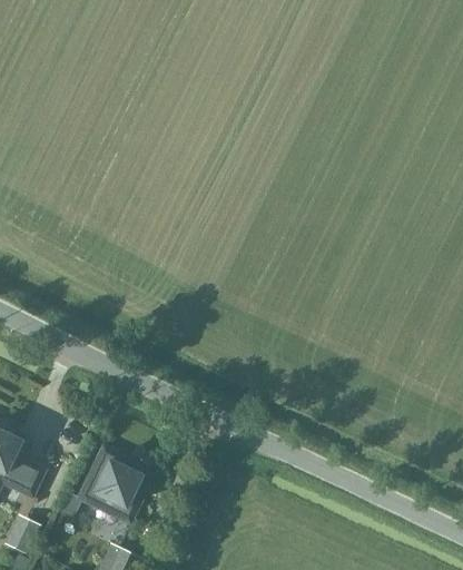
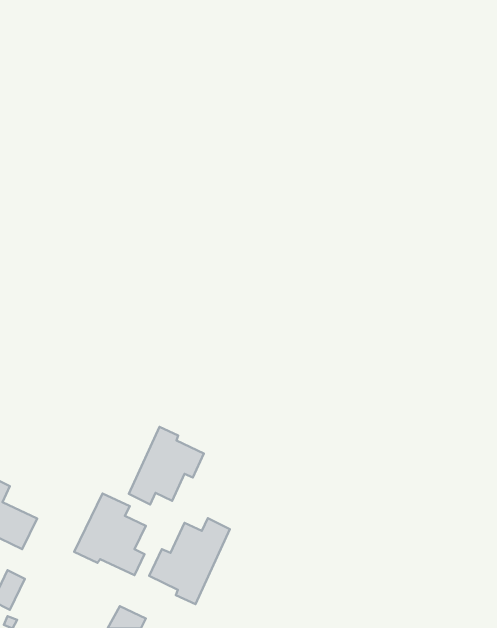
building: none -> [129,427,204,504]
building: none -> [149,518,230,604]

